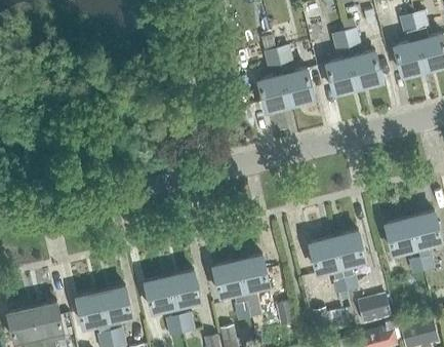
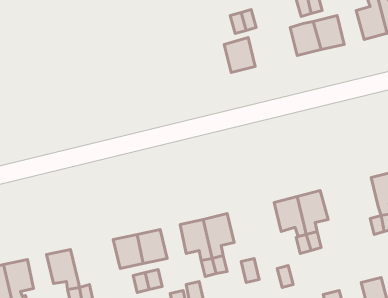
building: [283,69,314,104] -> none
building: [386,218,416,254] -> none
building: [100,286,131,321] -> none
building: [357,293,391,323] -> none

